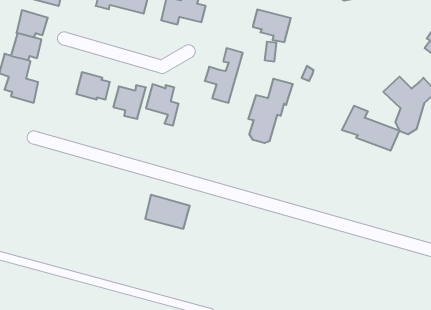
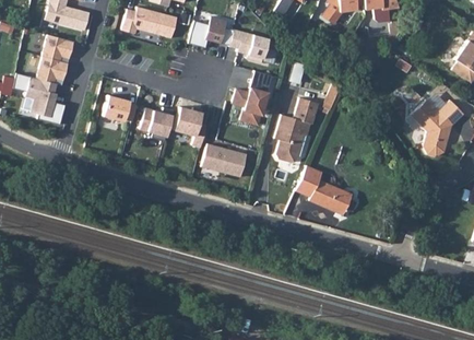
building: [253,9,291,42] -> [227,27,265,60]
building: [342,106,400,151] -> [294,169,352,214]
building: [145,195,190,229] -> [199,144,244,178]

